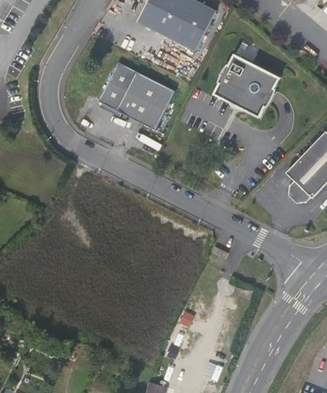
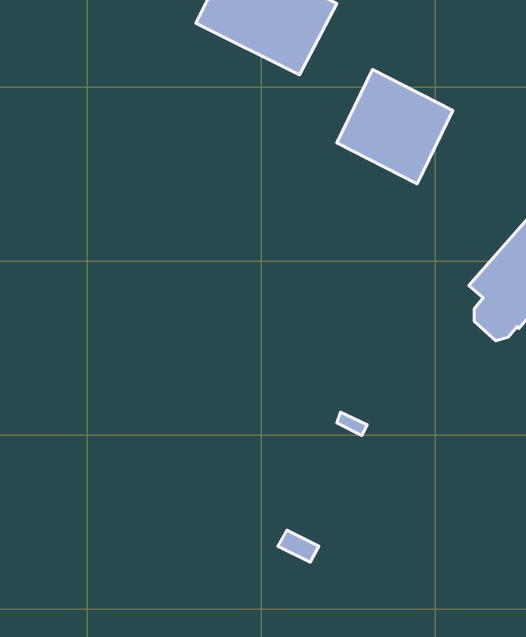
building: [99,62,174,130] -> none

